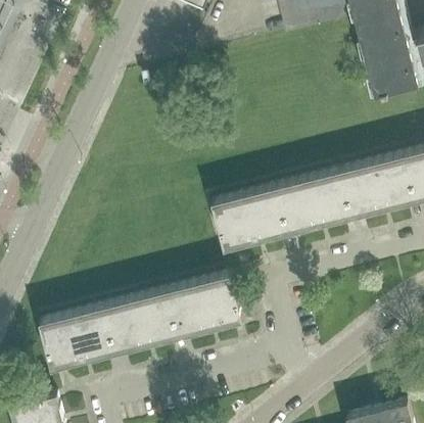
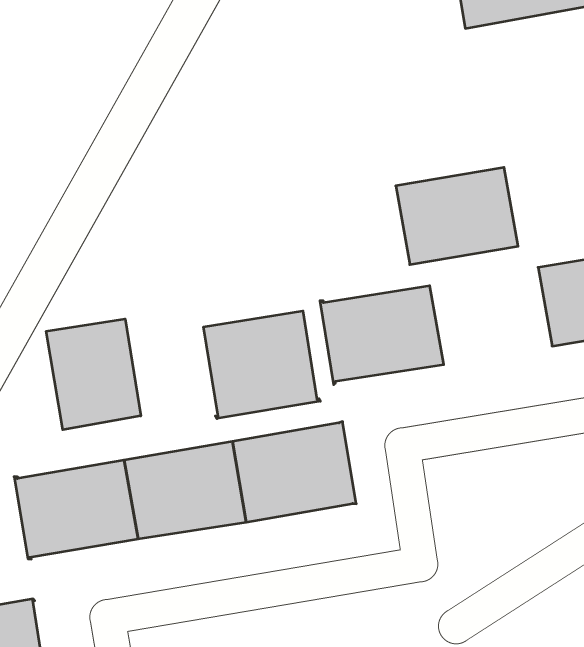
building: [275,169,350,231] -> [396,167,518,265]
building: none -> [204,311,320,419]
building: none -> [46,319,141,430]

